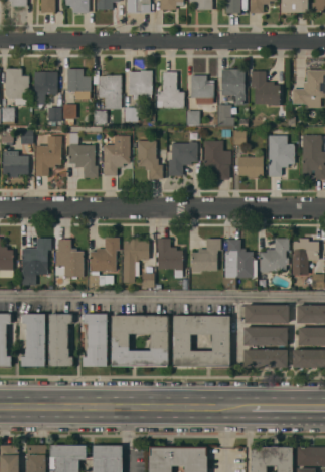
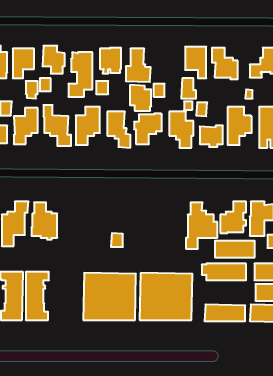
building: [190,74,213,103] -> [130,85,151,111]
building: [89,237,119,290] -> none
building: [123,238,149,282] -> none
building: [156,238,182,278] -> none
building: [191,239,220,272] -> none
building: [82,314,107,366] -> none
building: [243,327,287,345] -> [215,241,255,257]

